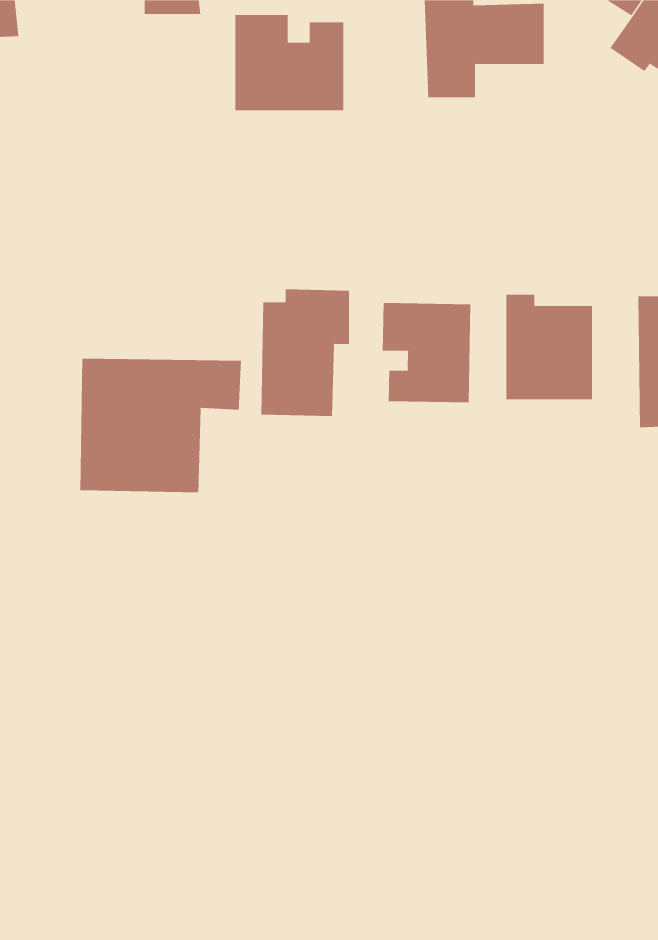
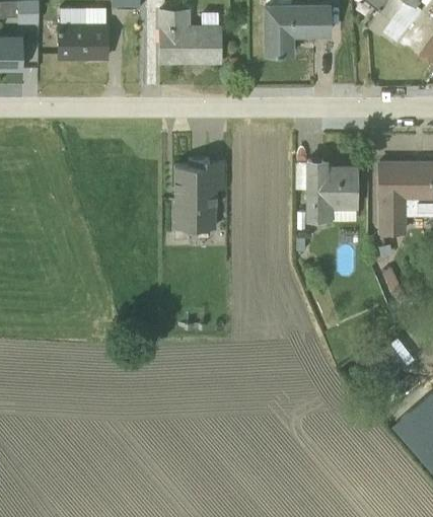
building: none -> [58,9,105,59]
building: [382,302,471,403] -> none
building: [80,358,242,493] -> none

